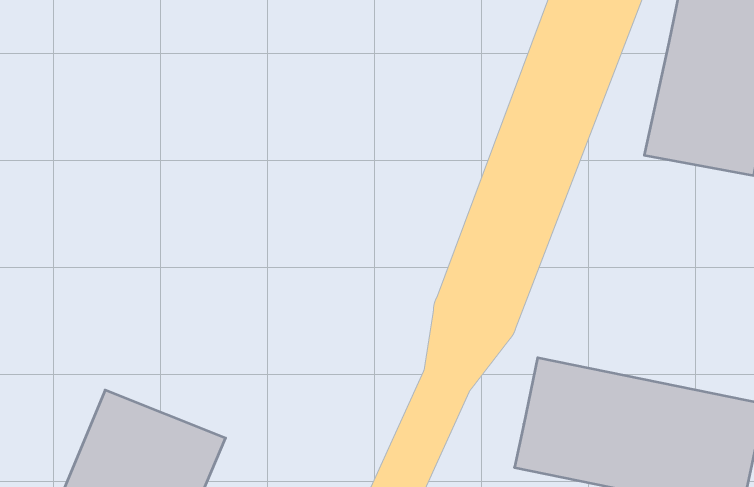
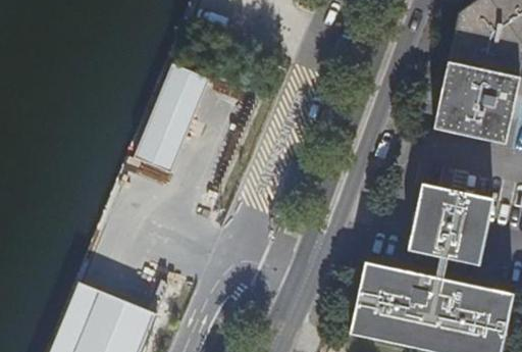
building: none -> [135,62,210,172]
building: none -> [408,184,494,266]

